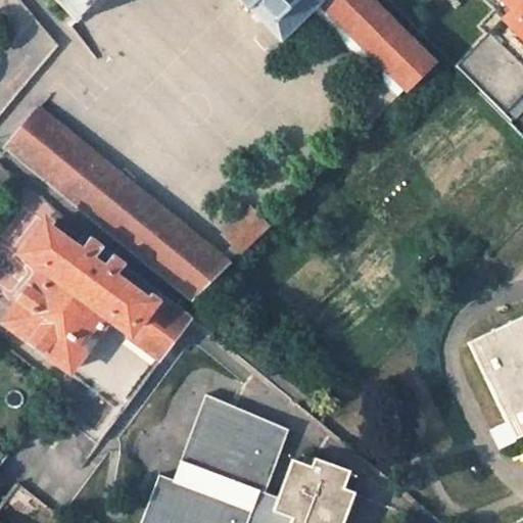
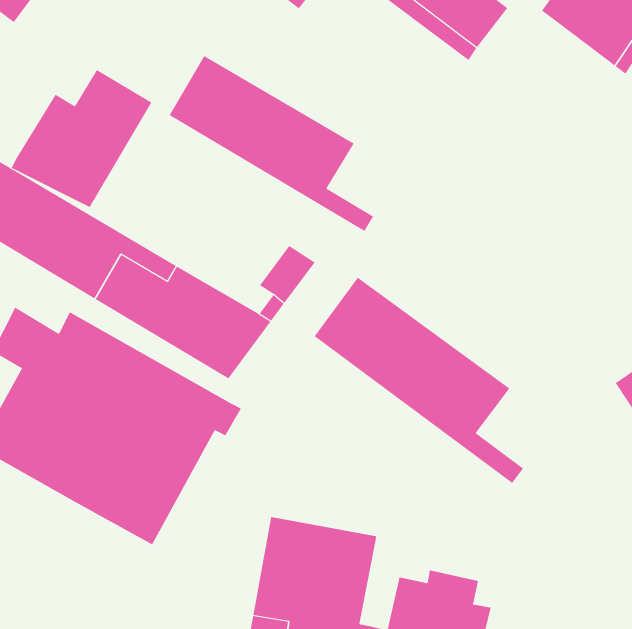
building: none -> [11,69,152,208]
building: none -> [169,55,374,232]
building: none -> [314,277,524,484]

